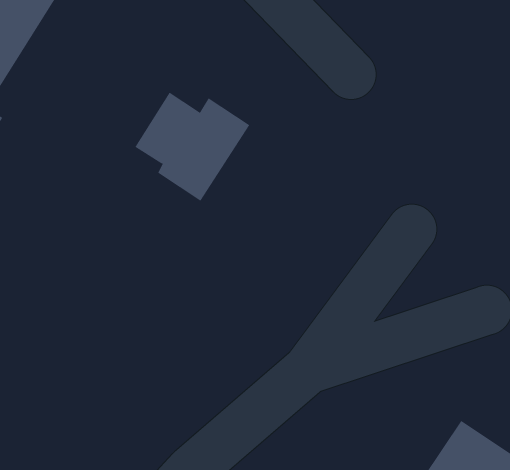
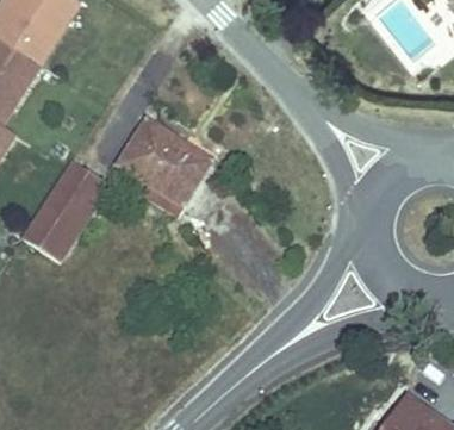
building: none -> [20,164,105,263]

